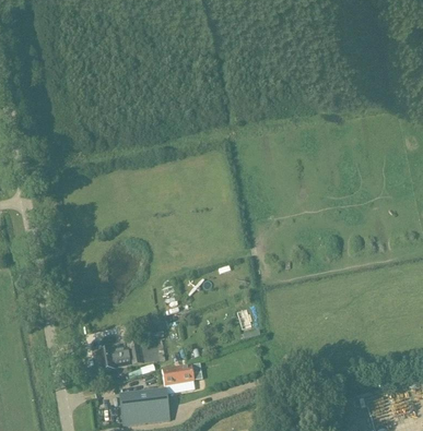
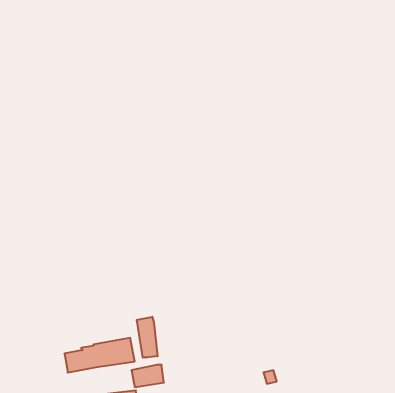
building: none -> [137,317,158,358]

